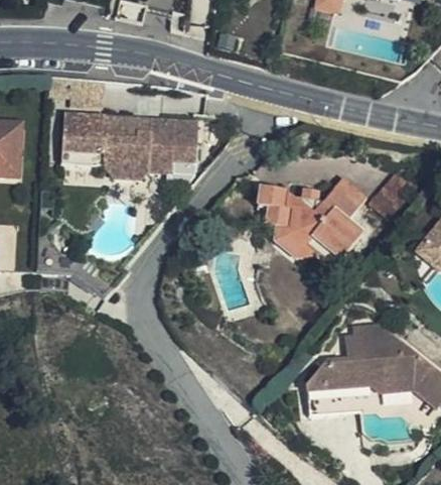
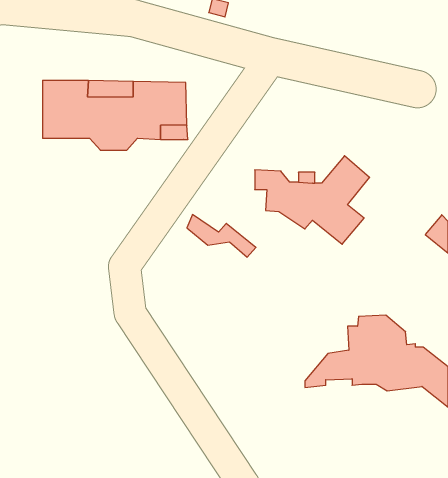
building: [368,175,415,221] -> none
building: [277,229,340,268] -> [187,215,256,257]
building: [306,383,359,415] -> none

